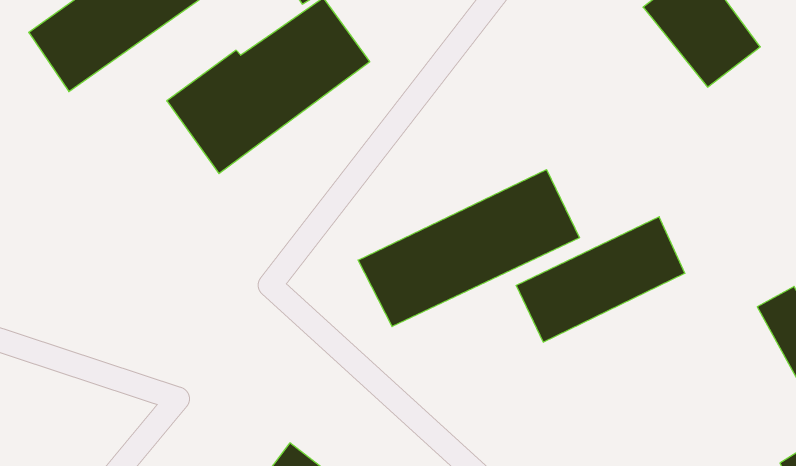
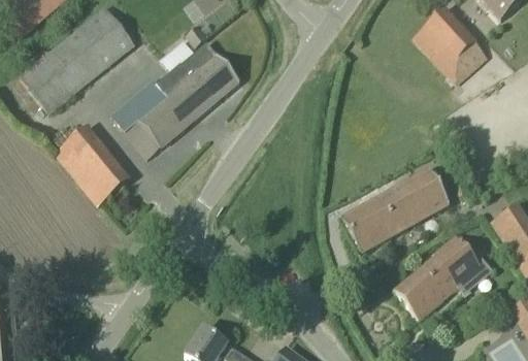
building: none -> [54,122,133,205]
building: [358,170,579,327] -> none
building: none -> [395,235,493,318]

